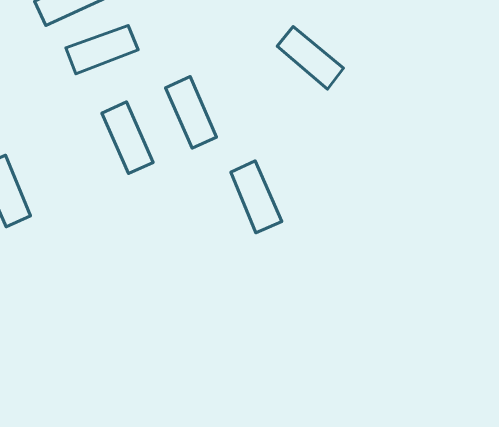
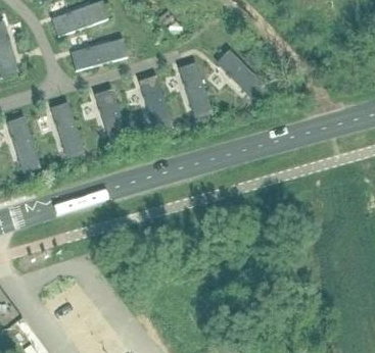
building: none -> [51,105,83,154]
building: [231,161,282,233] -> [179,64,210,113]

